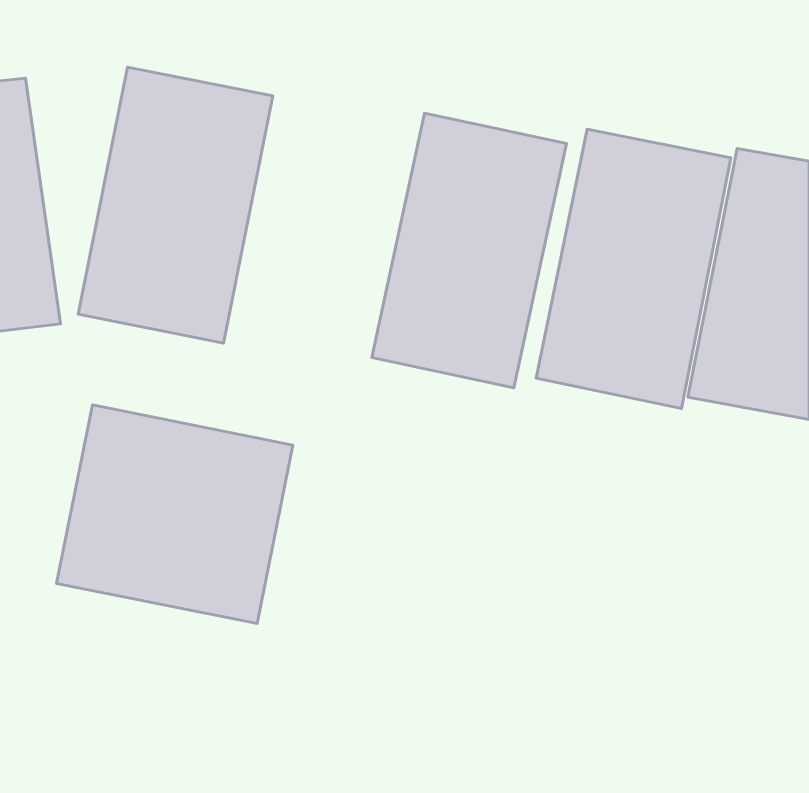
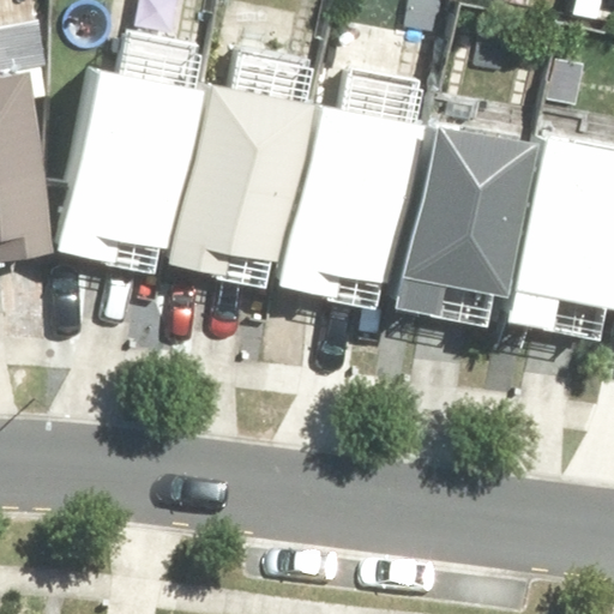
building: none -> [173,83,312,287]
building: [56,405,293,624] -> none

